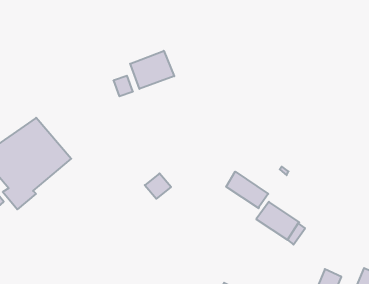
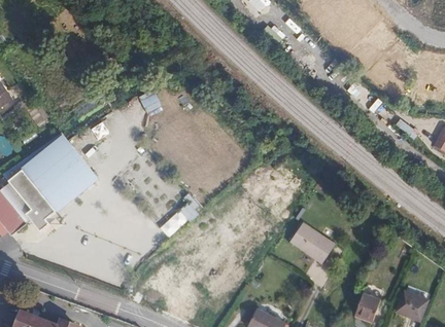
building: [130,51,174,89] -> none
building: [226,172,268,208] -> none

